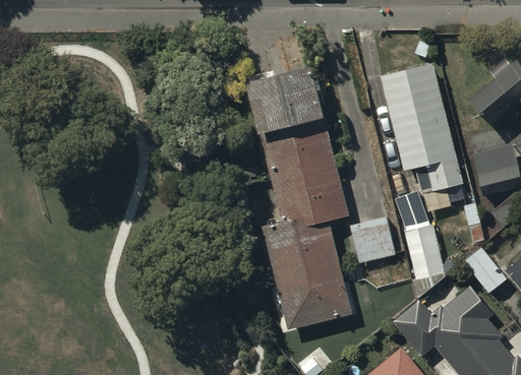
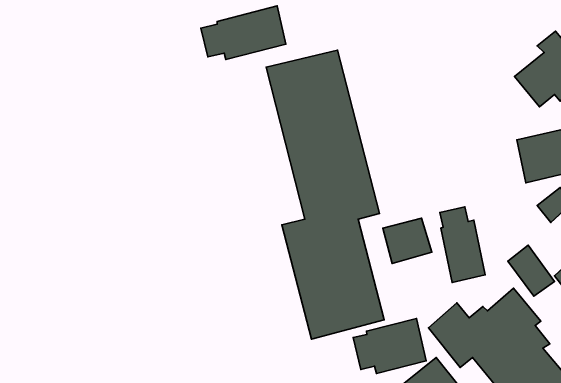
building: none -> [201,6,286,60]
building: [381,63,464,202] -> none
building: none -> [353,318,426,373]

